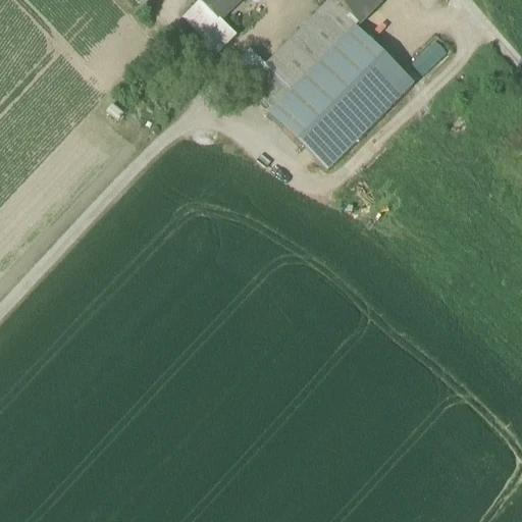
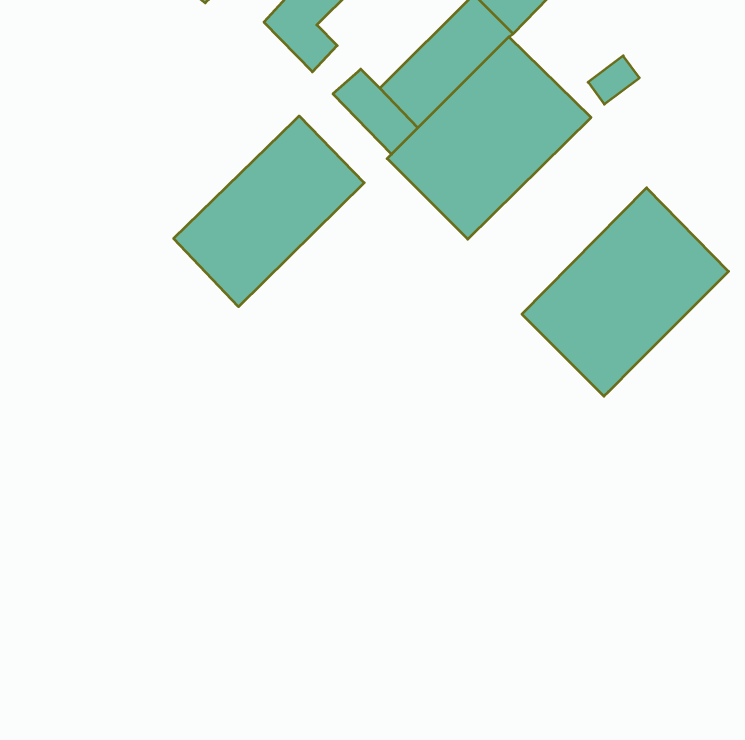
building: none -> [174,116,364,307]
building: none -> [522,188,729,396]

